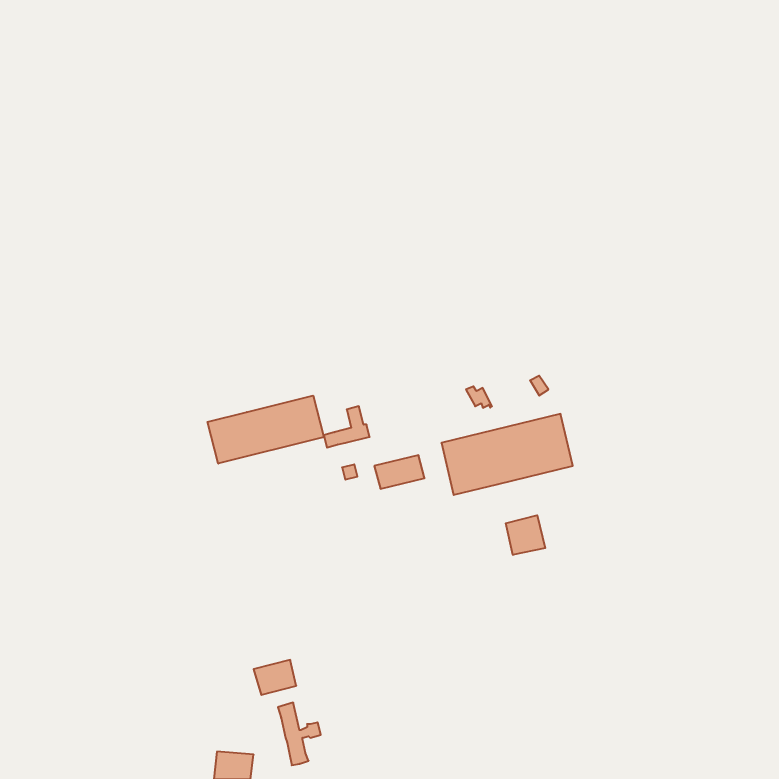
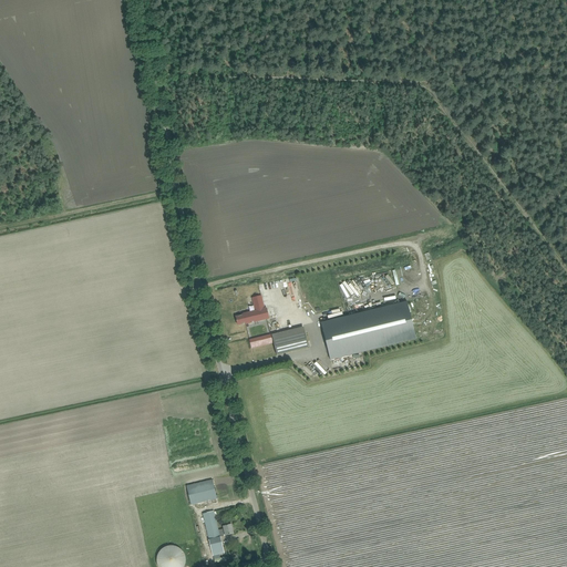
building: [207,396,324,464] -> none
building: [506,515,545,555] -> none

